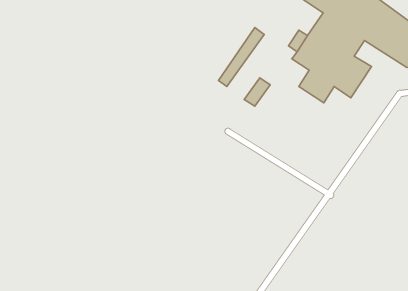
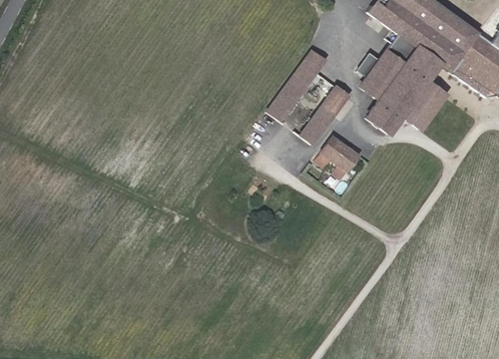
building: none -> [320,84,349,116]
building: none -> [317,136,361,171]

